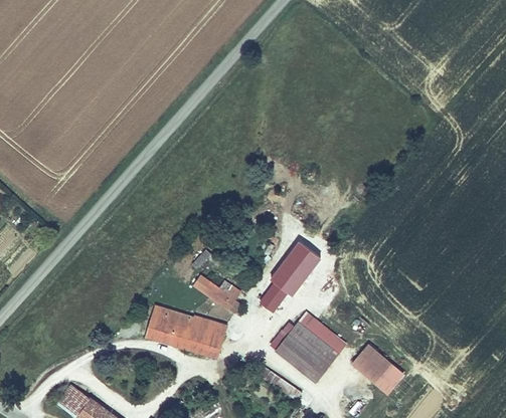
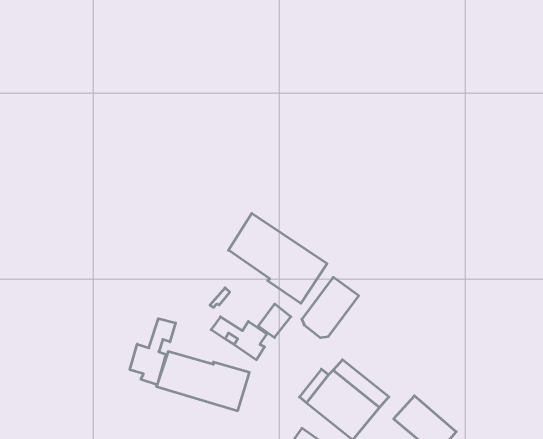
building: none -> [228,213,327,303]
building: none -> [130,319,176,385]
building: [259,282,287,311] -> [258,304,291,338]

